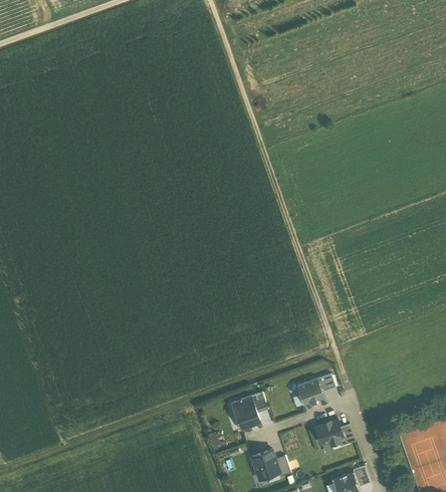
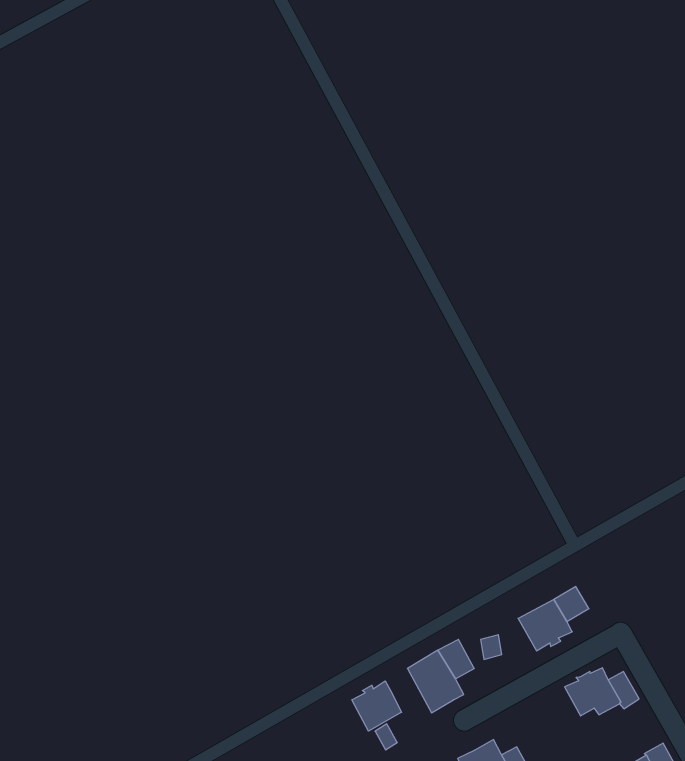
building: none -> [352,681,402,731]

